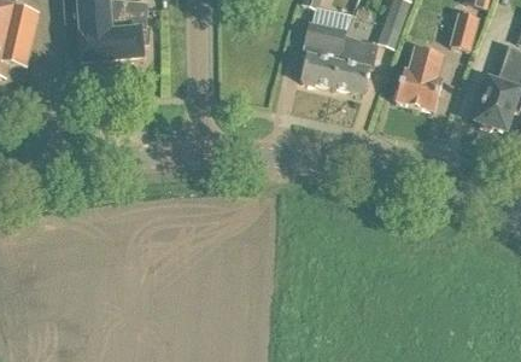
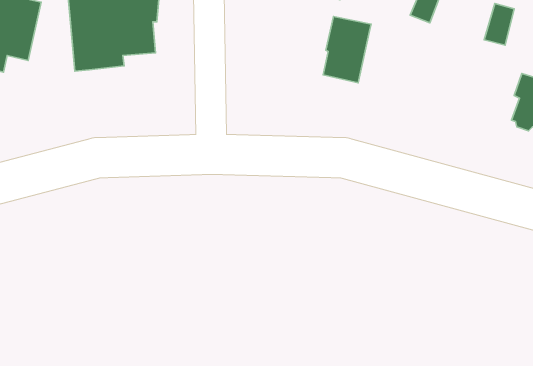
building: [333,36,377,93] -> none
building: [393,47,443,111] -> none

